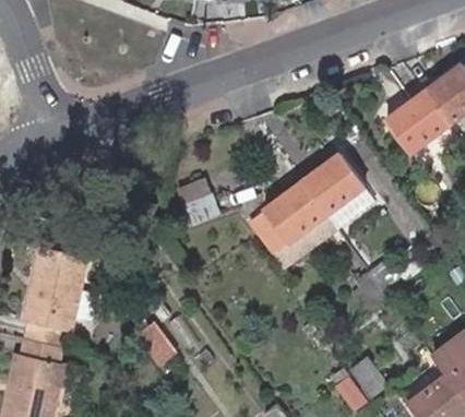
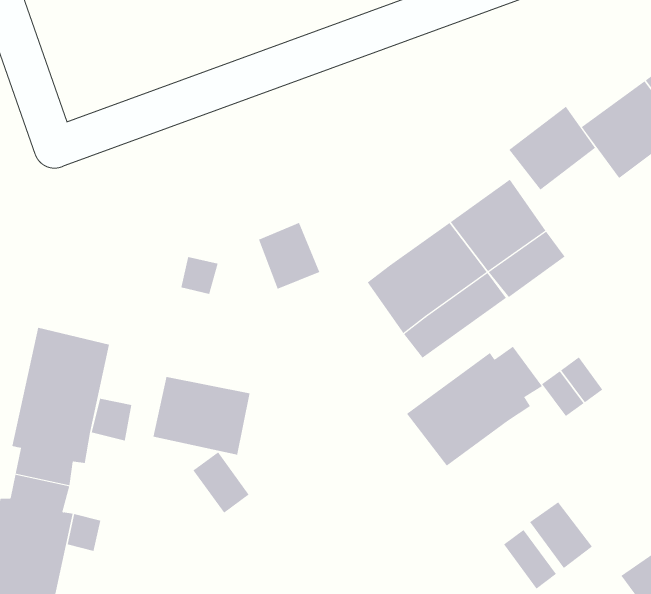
building: none -> [509,106,596,190]
building: none -> [406,346,543,467]
building: none -> [153,376,250,456]

